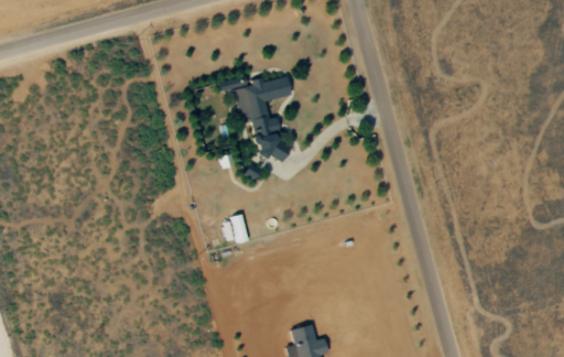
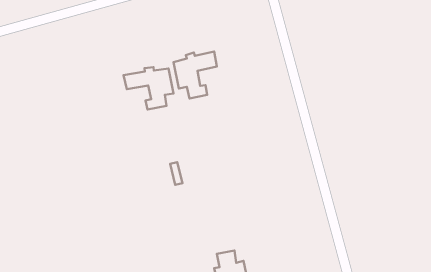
building: none -> [124,67,173,110]

